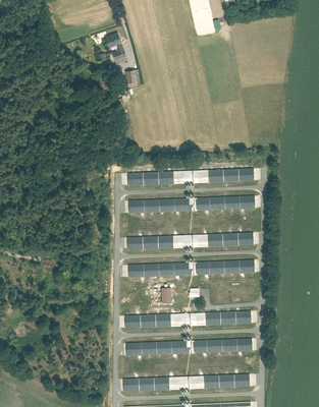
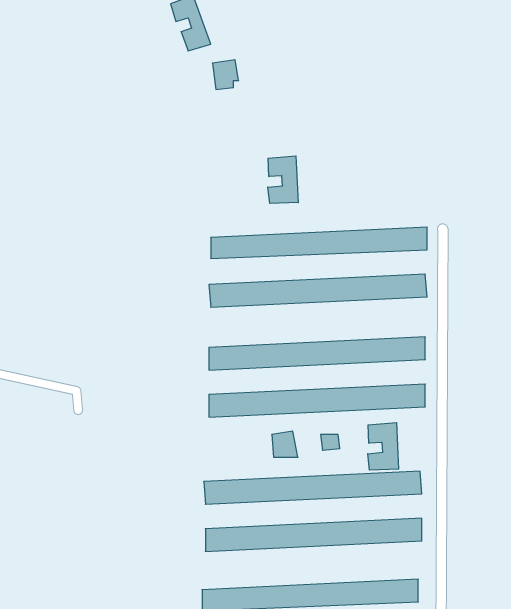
building: none -> [268,156,298,203]
building: none -> [368,423,399,470]

